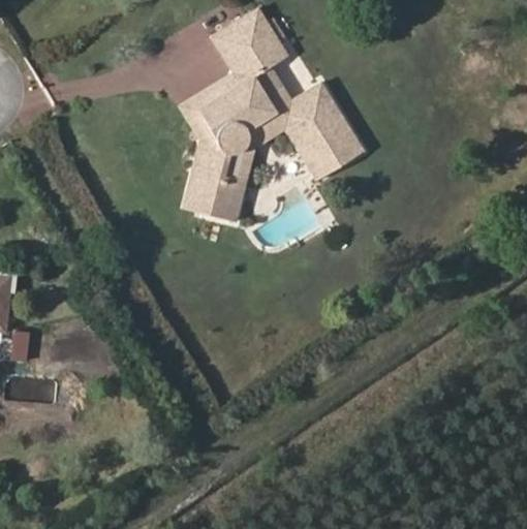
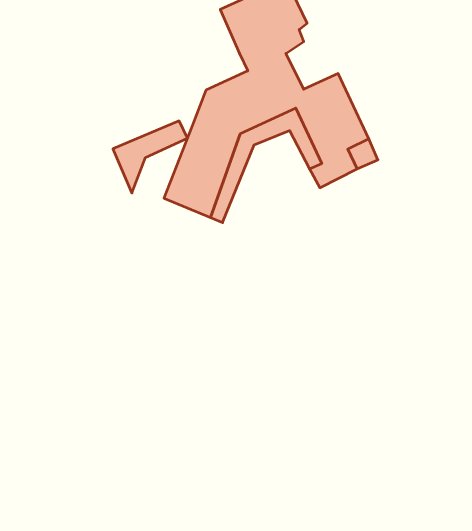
building: [177,72,242,142] -> [113,121,187,193]

